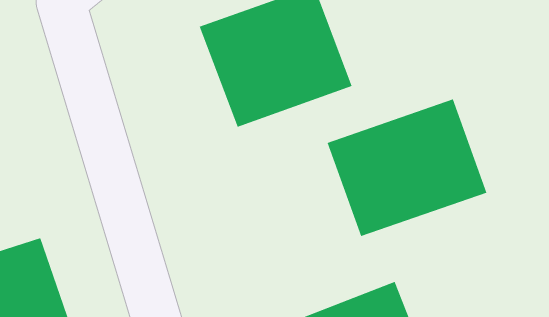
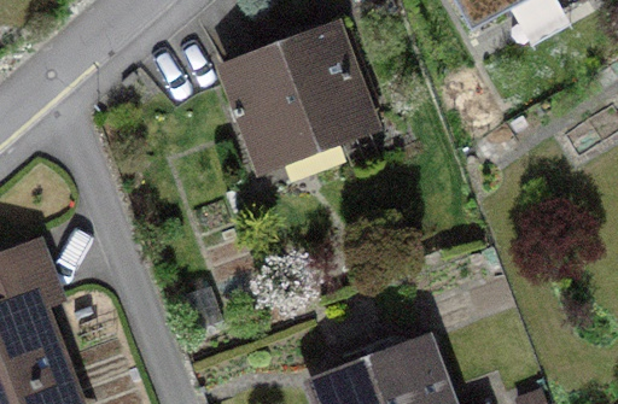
building: [327,99,487,237] -> none

